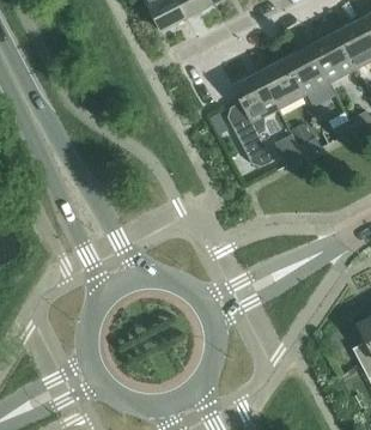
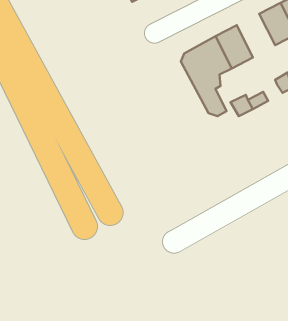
building: [285,46,330,97] -> none

